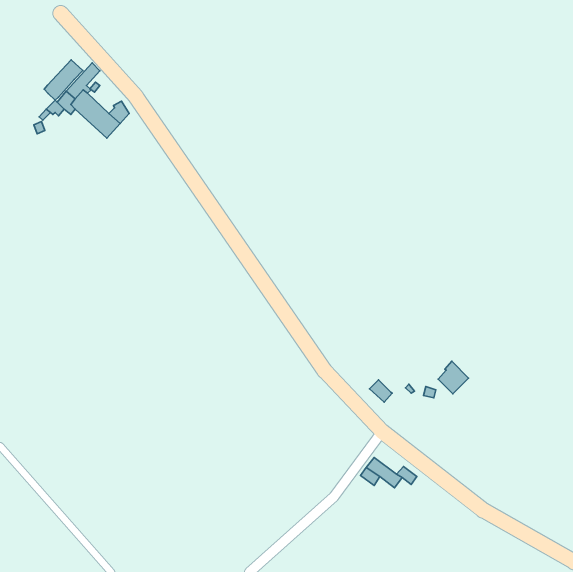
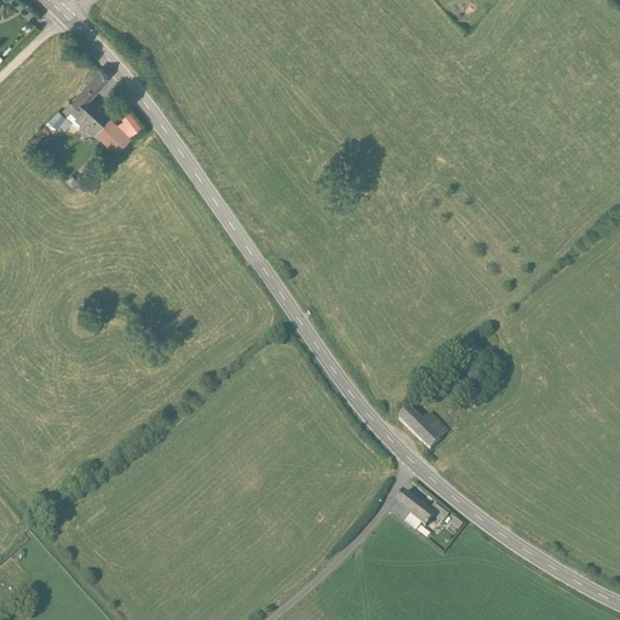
building: [44,60,83,100] -> none
building: [438,361,469,394] -> [415,414,448,449]

